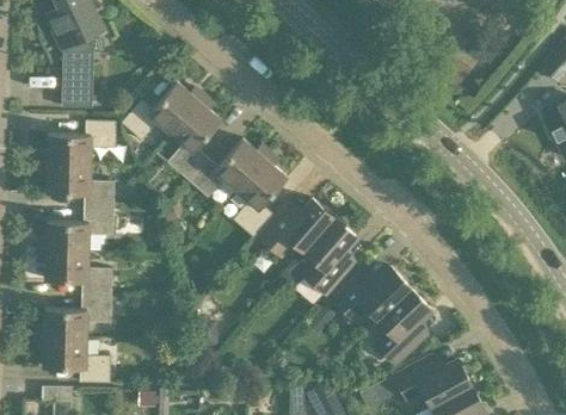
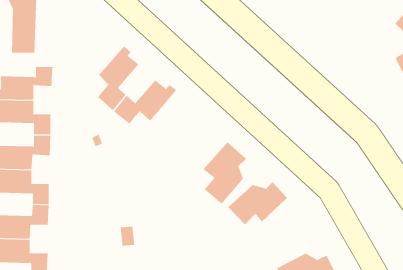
building: [124,80,203,137] -> none
building: [235,151,288,234] -> none
building: [259,198,333,256] -> none
building: [375,286,432,365] -> none

